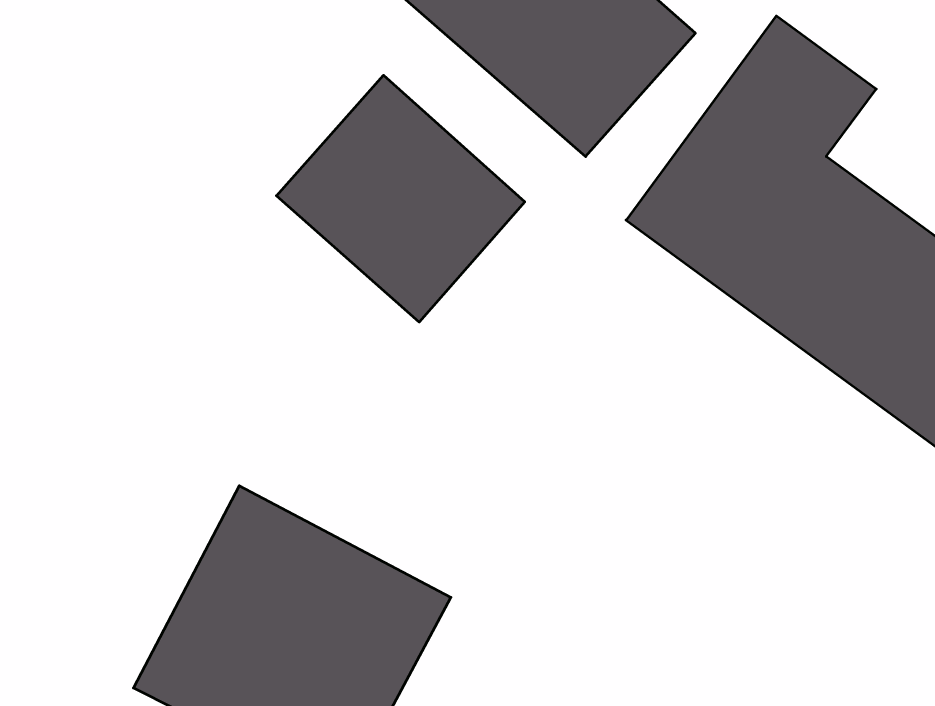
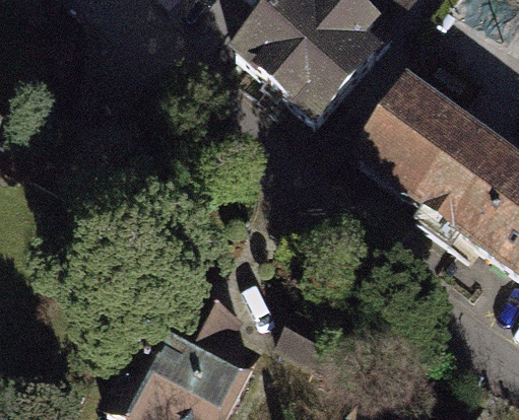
building: [276,75,525,322] -> none

